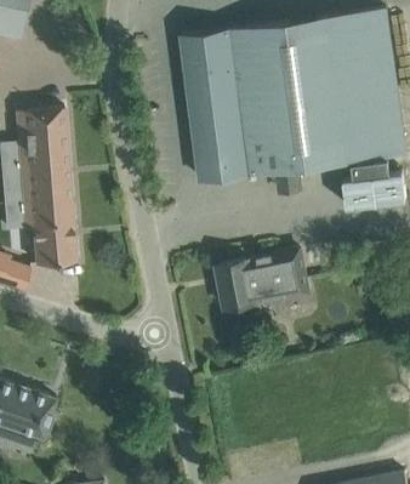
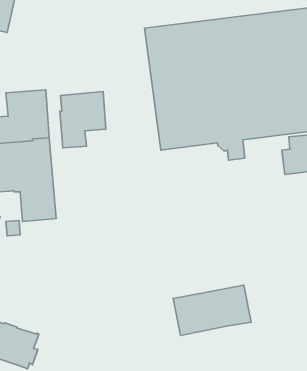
building: none -> [60,92,106,148]
building: [216,251,308,311] -> [173,285,251,335]

